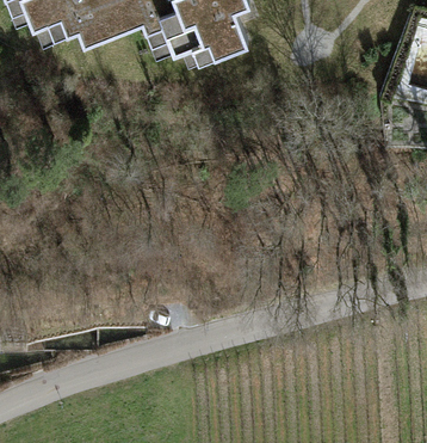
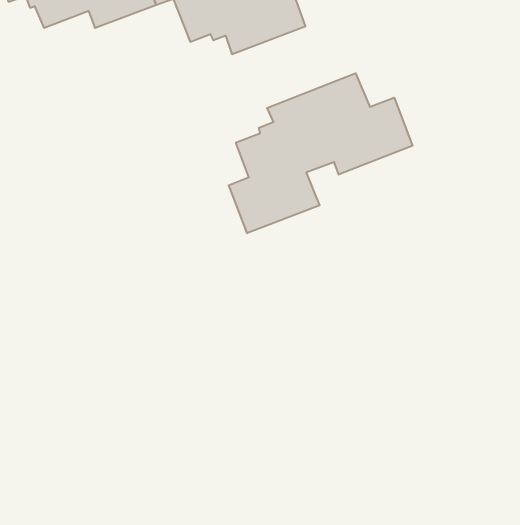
building: none -> [229,73,413,233]

